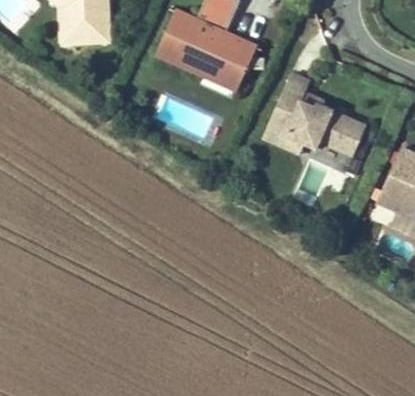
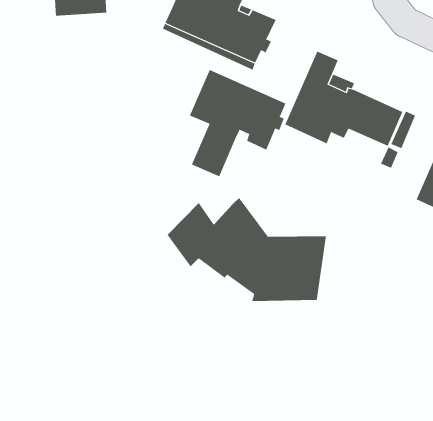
building: none -> [189,69,286,177]
building: none -> [167,197,326,302]

